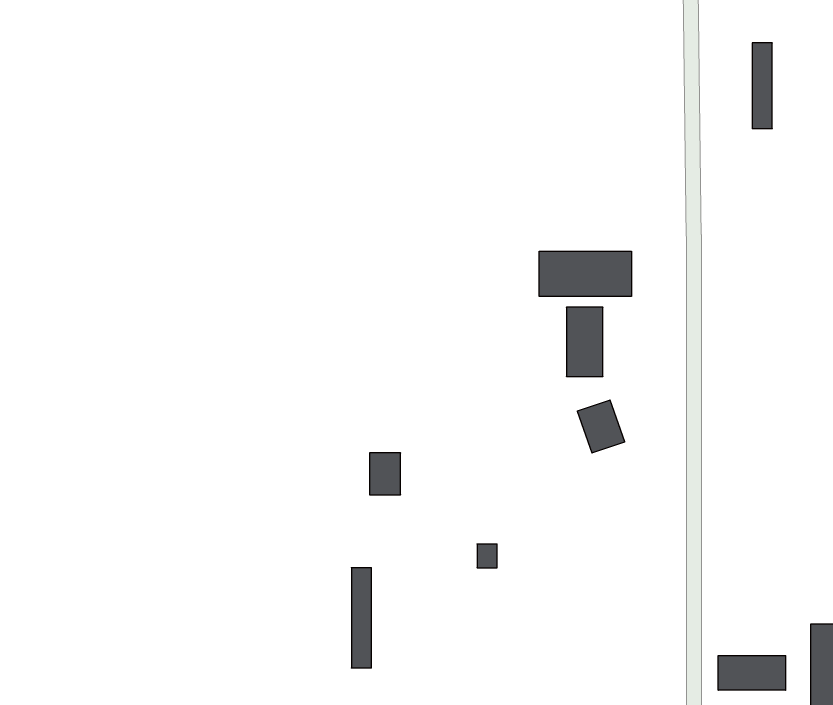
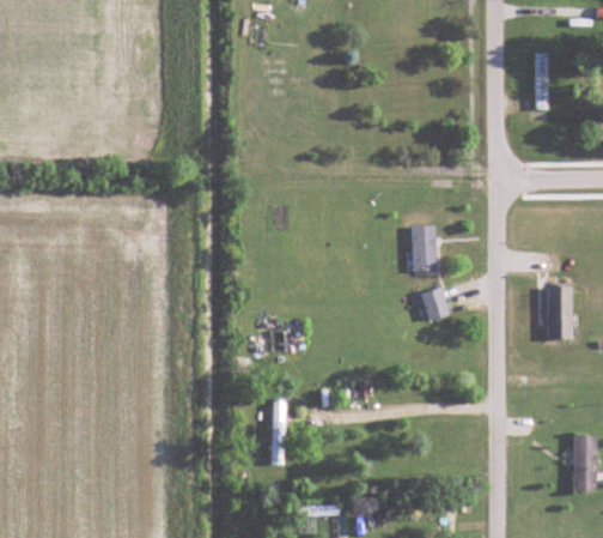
building: [539,251,631,296] -> none
building: none -> [546,285,572,339]
building: [718,656,786,690] -> none

